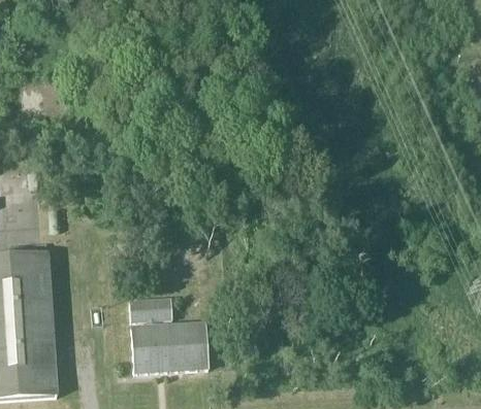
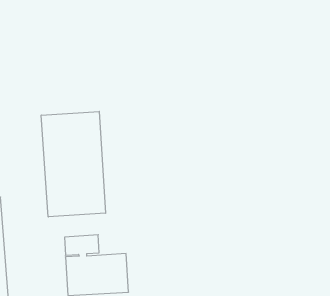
building: none -> [41,111,106,217]

